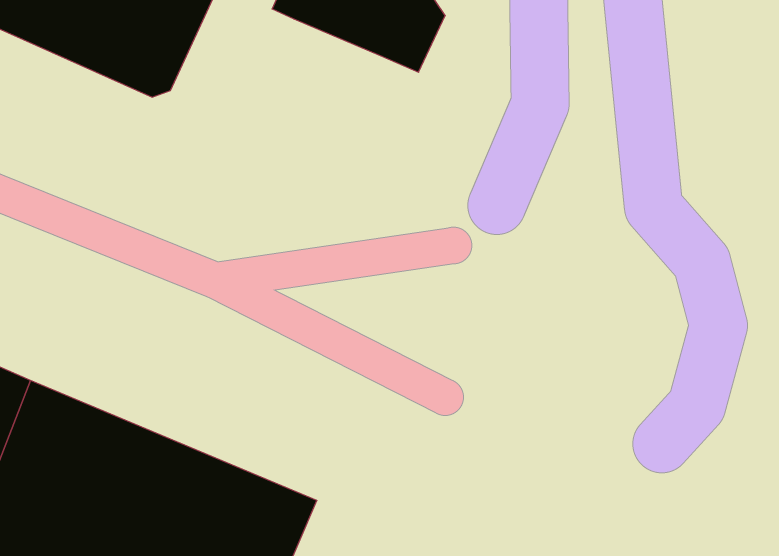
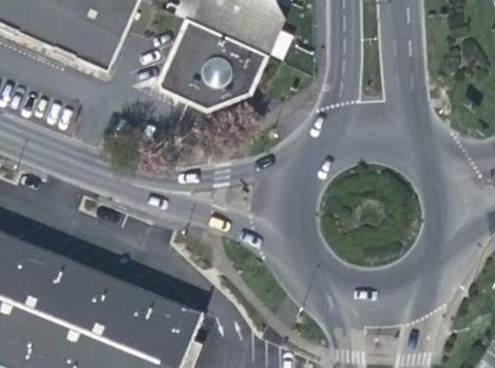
building: none -> [162,19,266,106]

